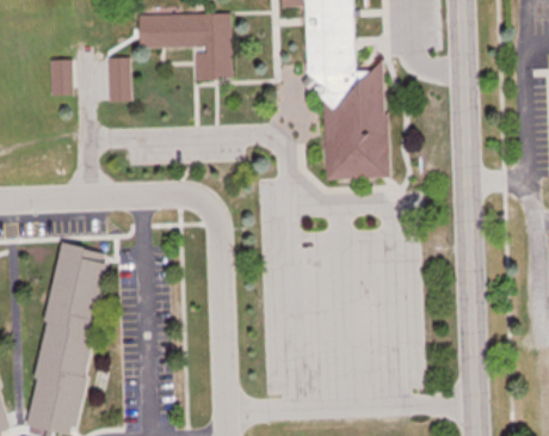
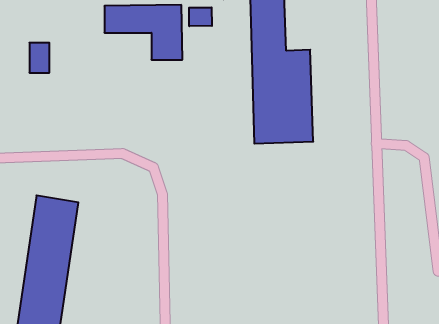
building: none -> [189,7,212,26]
building: [109,57,129,99] -> none

